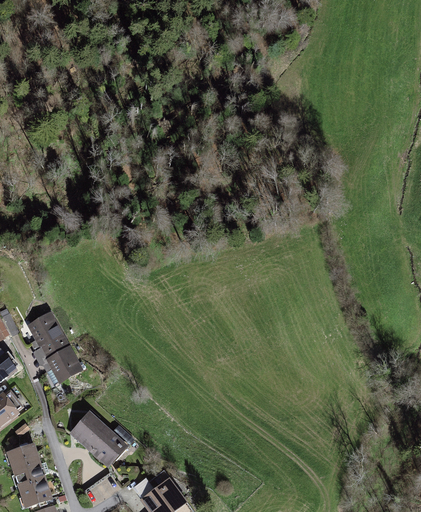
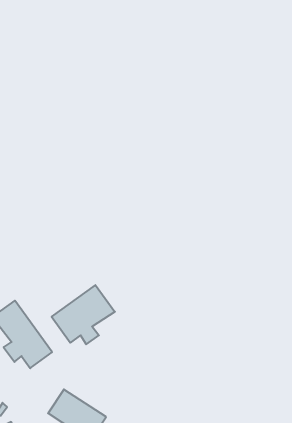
building: none -> [52,285,115,344]

